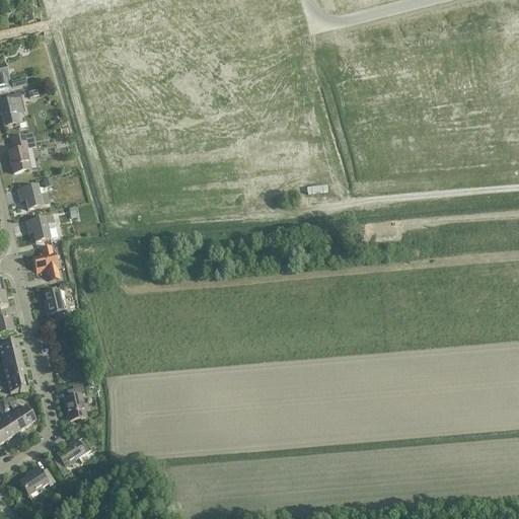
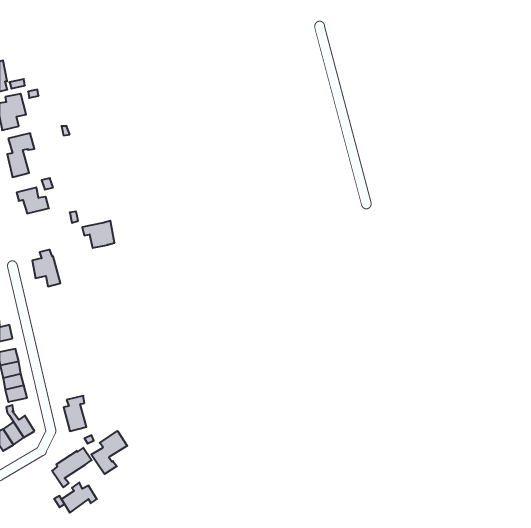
building: [23,214,55,240] -> [82,221,115,248]
building: [42,288,66,318] -> none
building: none -> [91,431,127,474]
building: [18,464,53,494] -> [62,482,97,513]

